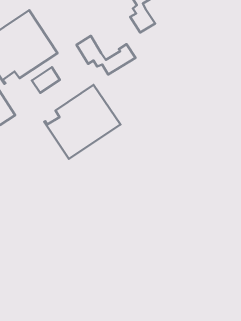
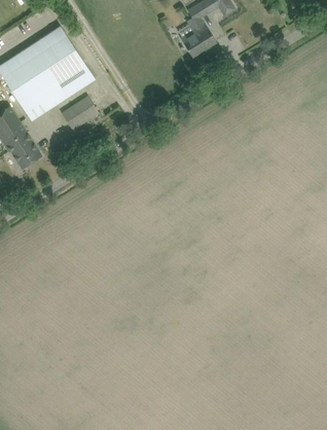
building: [77,36,135,75] -> none
building: [44,85,120,159] -> none

